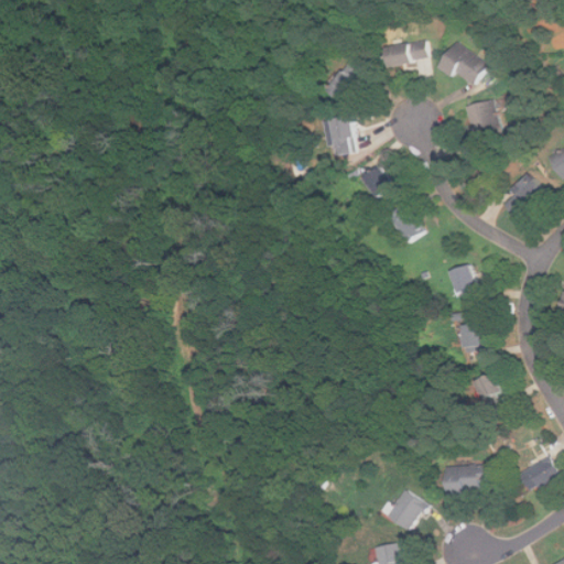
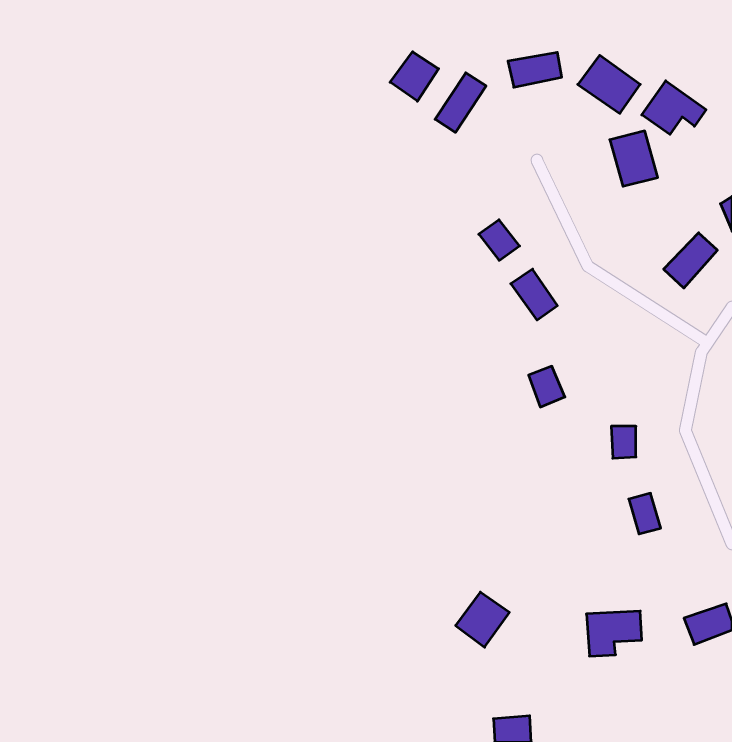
building: none -> [390,52,439,101]
building: none -> [642,81,706,134]
building: [335,117,352,153] -> none
building: [449,264,477,295] -> [529,366,565,407]
building: [384,488,425,530] -> [456,592,509,647]

